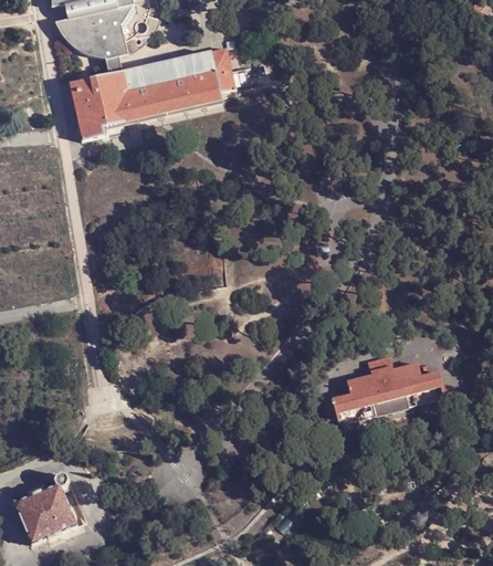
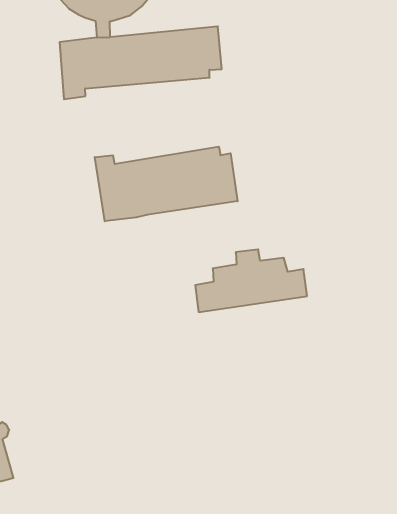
building: none -> [95,147,238,221]
building: [329,353,442,422] -> [195,249,307,312]

